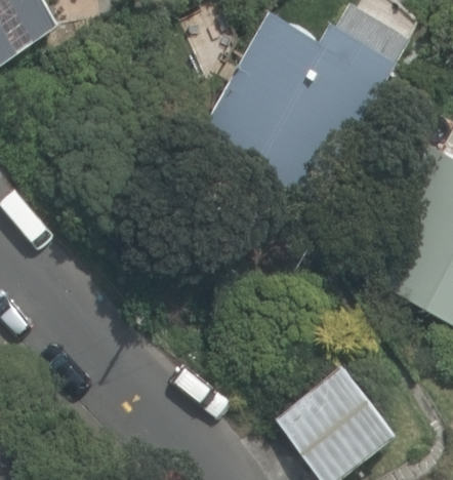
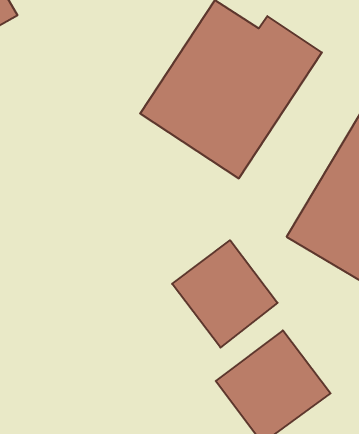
building: none -> [172,240,278,348]

